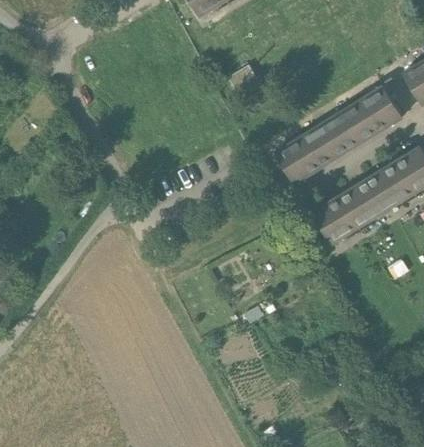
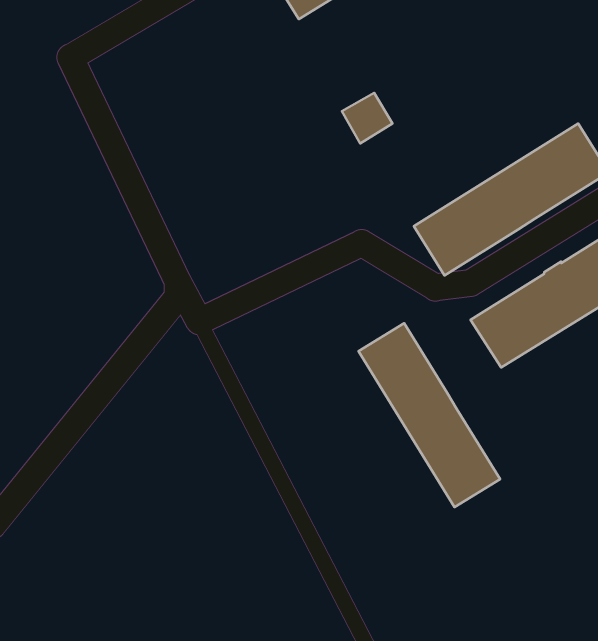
building: none -> [359,323,500,507]

